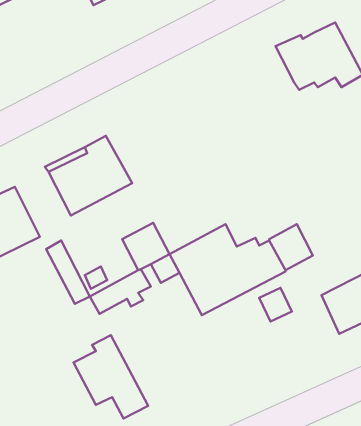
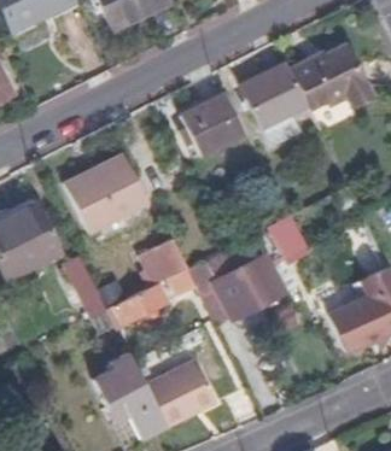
building: none -> [238,63,305,146]
building: none -> [177,94,244,157]
building: none -> [142,352,215,418]

